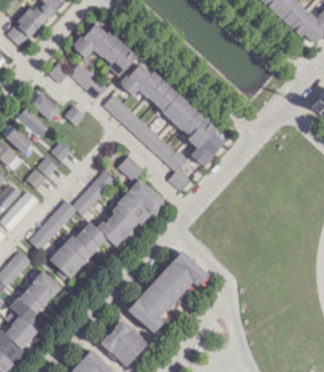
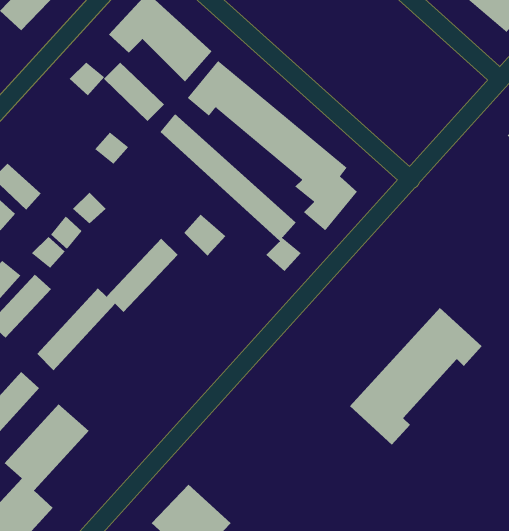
building: [28,90,59,121] -> none
building: [16,109,47,139] -> none
building: [50,180,163,278] -> none
building: [127,250,208,334] -> [349,307,483,445]

